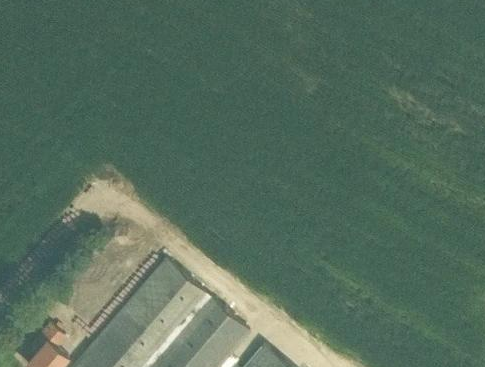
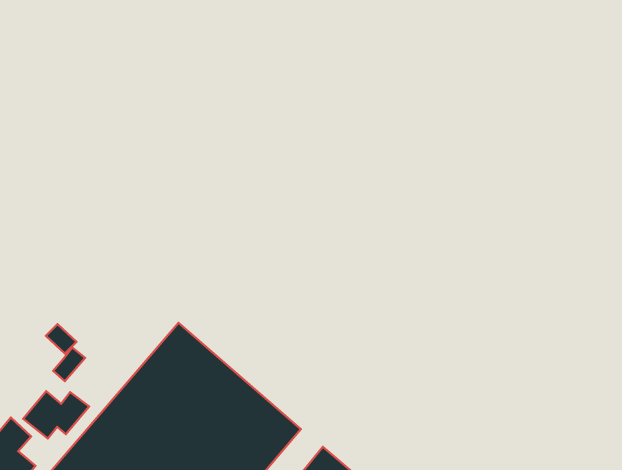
building: none -> [23,391,89,439]

